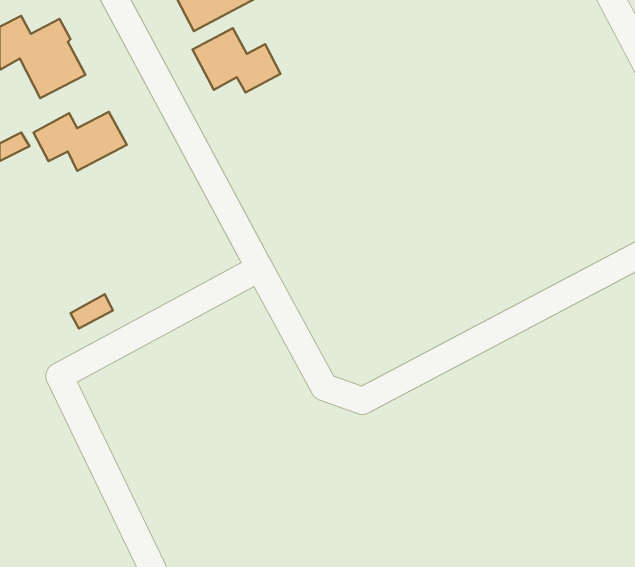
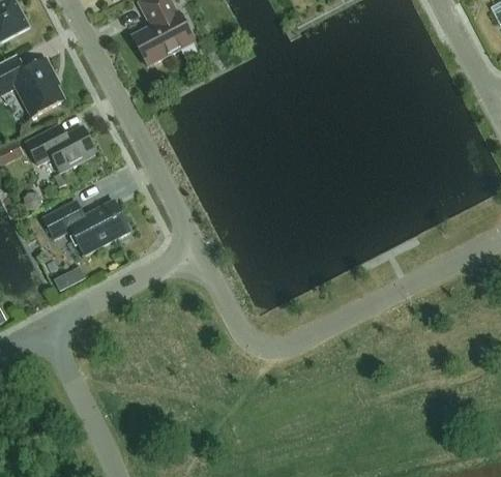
building: [192,28,281,93] -> none
building: none -> [42,199,129,254]

